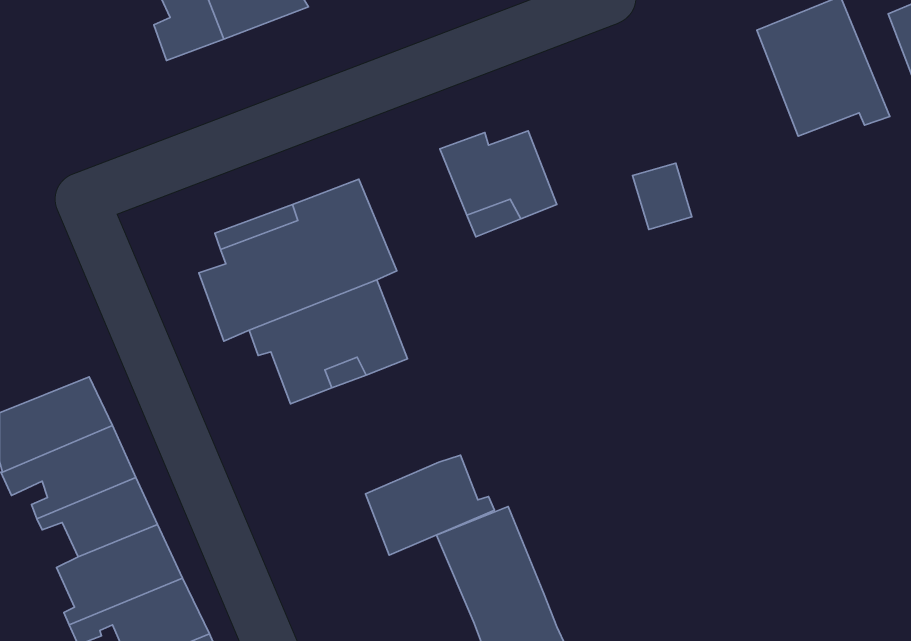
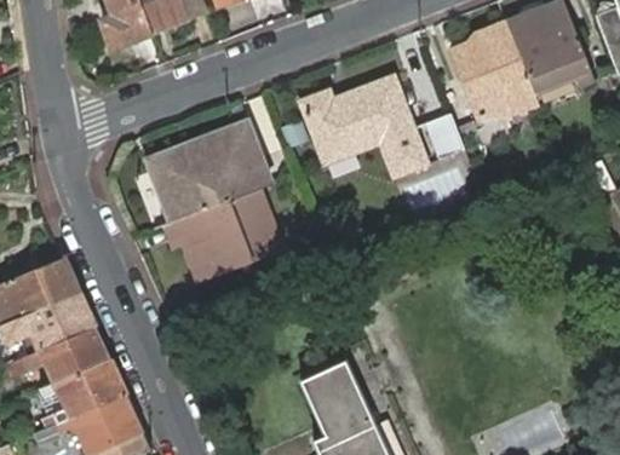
building: none -> [455,23,541,122]
building: none -> [356,79,421,173]
building: [365,455,494,555] -> none

